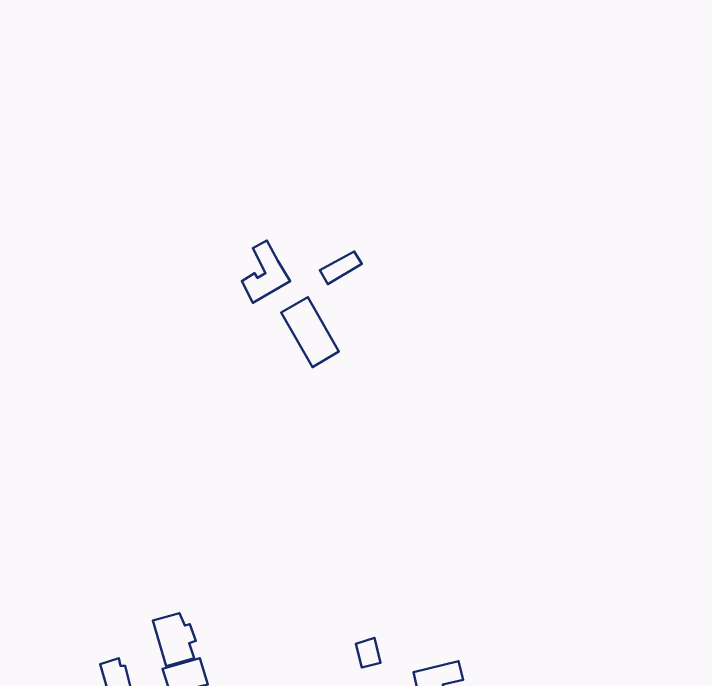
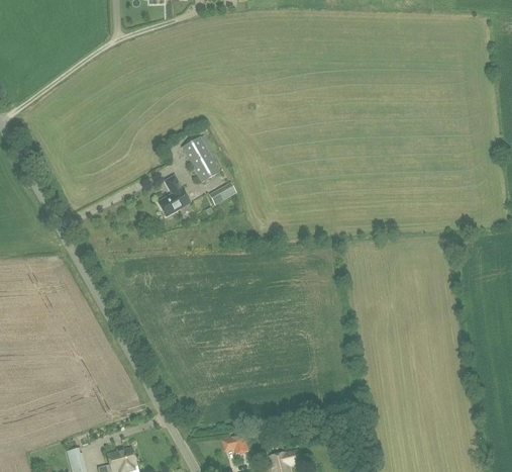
building: [281,297,339,367] -> [182,135,219,181]
building: [153,613,196,666] -> none

